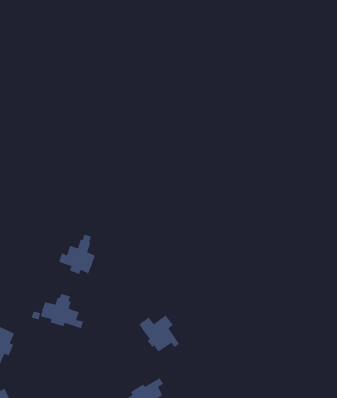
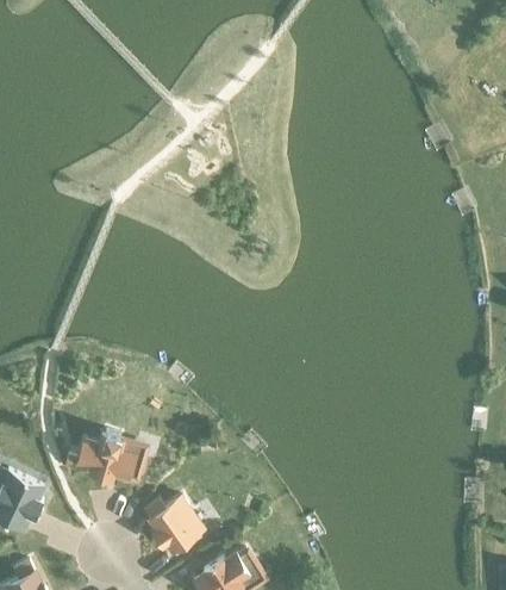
building: [58,233,96,275] -> none
building: [138,315,180,353] -> [143,498,200,551]

